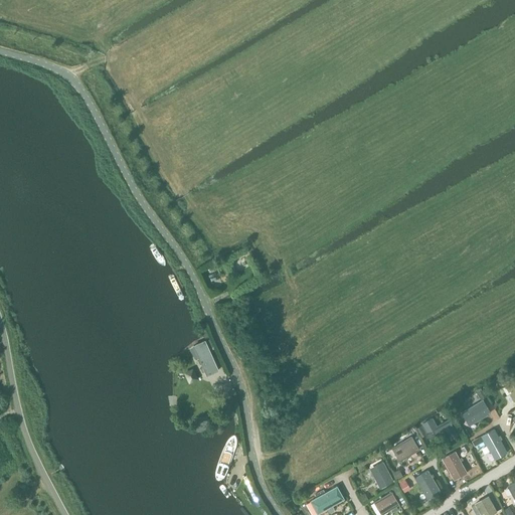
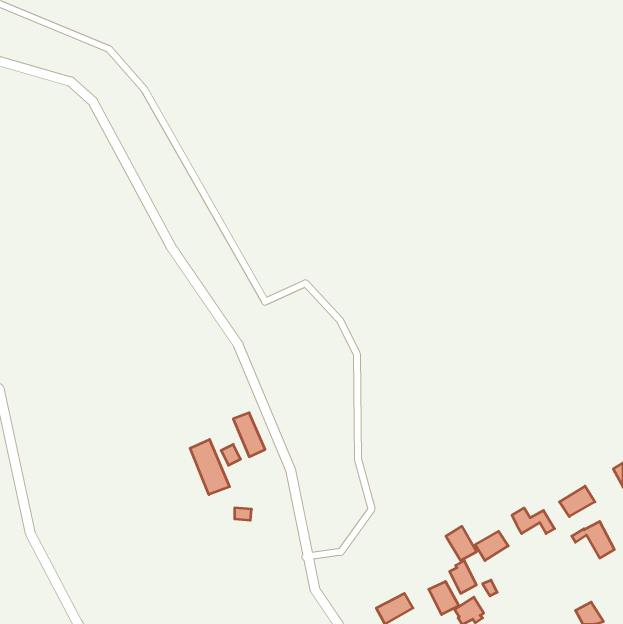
building: none -> [190,439,230,495]
building: [442,452,467,480] -> none
building: [414,471,440,499] -> [446,526,476,560]
building: none -> [429,581,459,615]

